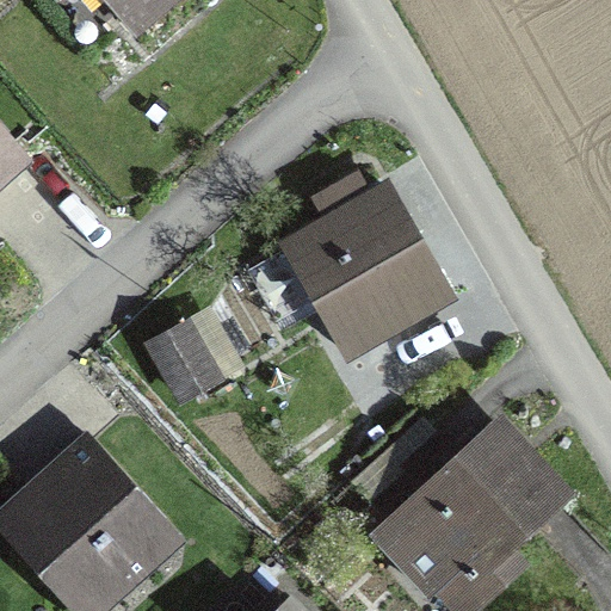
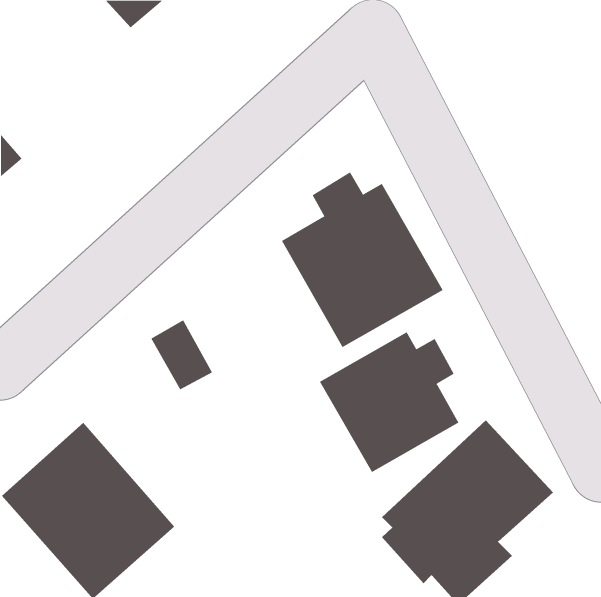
building: none -> [319,332,459,473]

